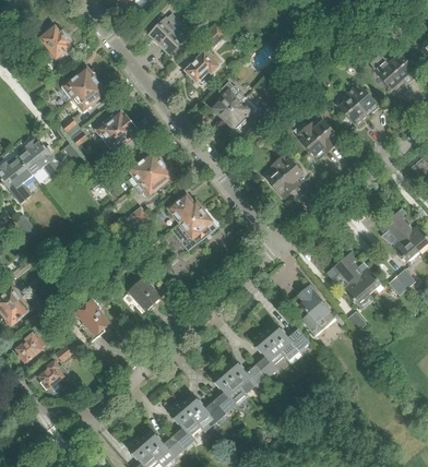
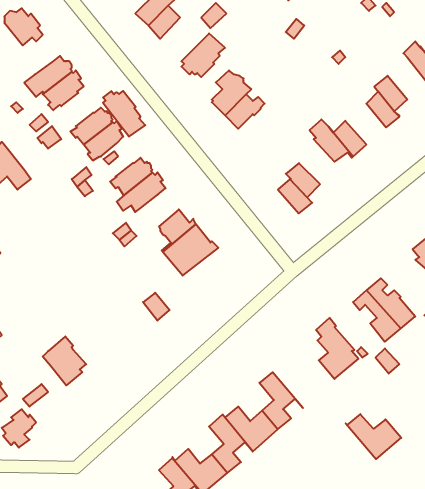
building: none -> [103,91,145,137]
building: [124,277,160,316] -> none
building: [263,322,309,359] -> [346,414,401,459]

